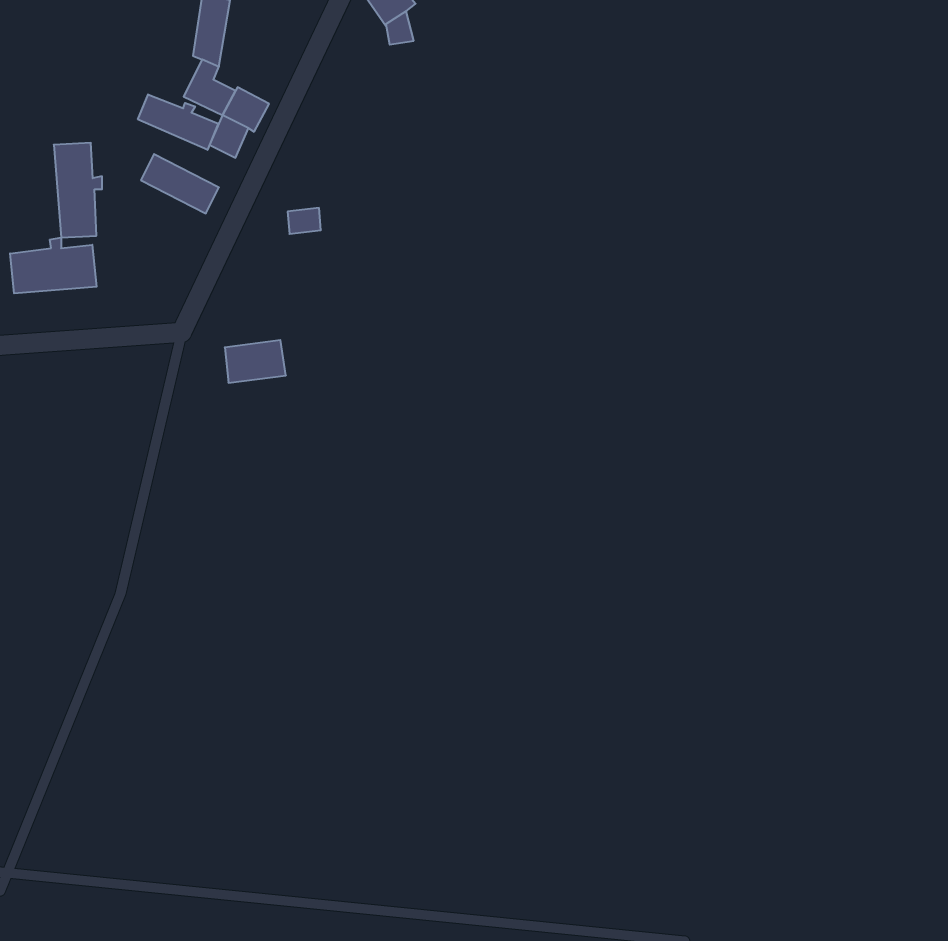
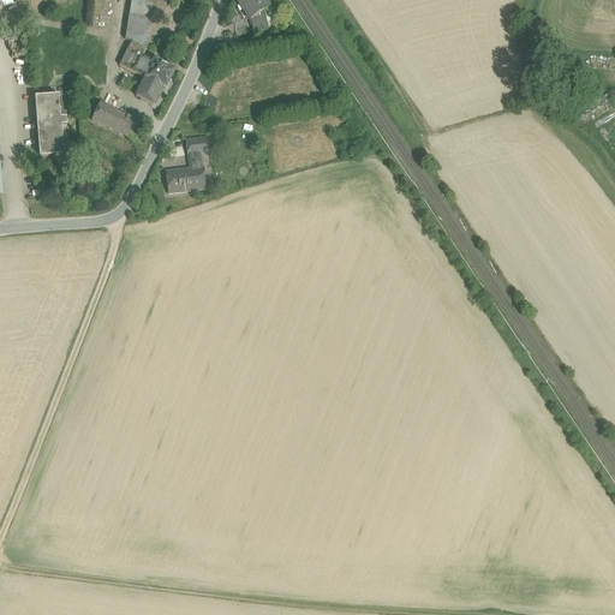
building: [138,94,218,150] -> none
building: [10,238,97,293] -> none
building: [225,340,286,383] -> [166,163,205,191]

